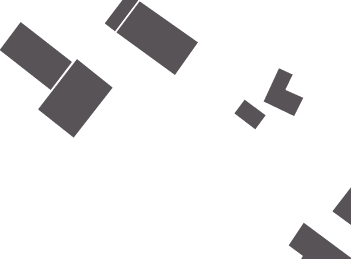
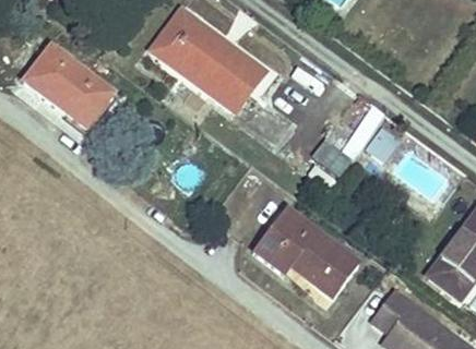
building: [37,58,114,139] -> none
building: none -> [254,209,360,297]

